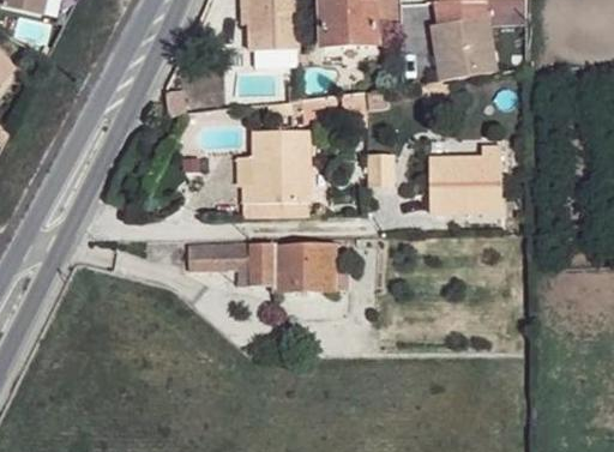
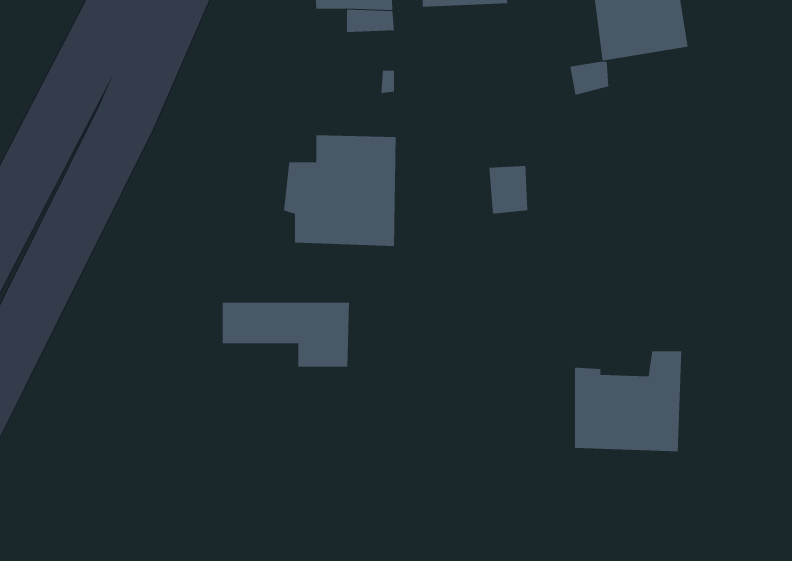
building: [427,147,499,215] -> [574,351,682,452]
building: [271,245,330,294] -> none

